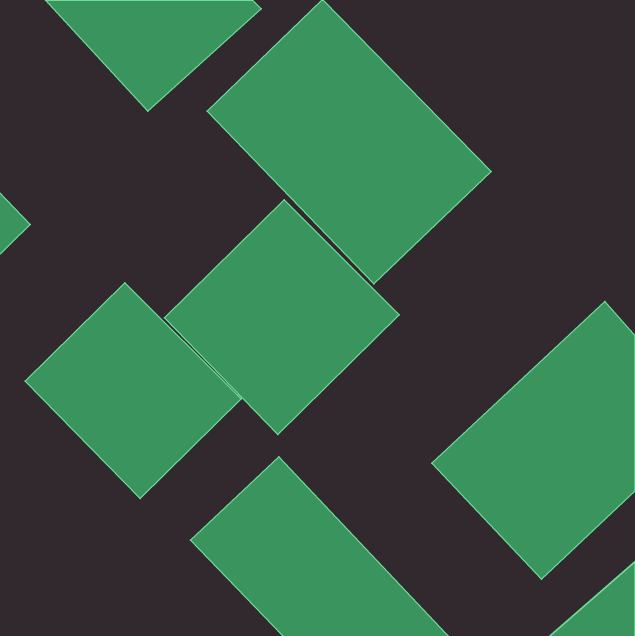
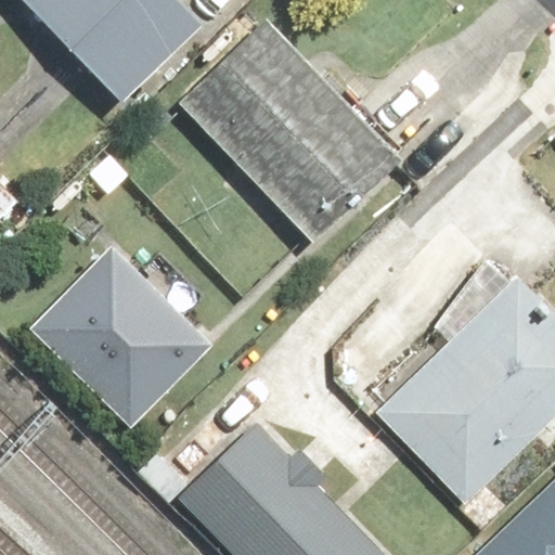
building: [164,200,399,434] -> none

